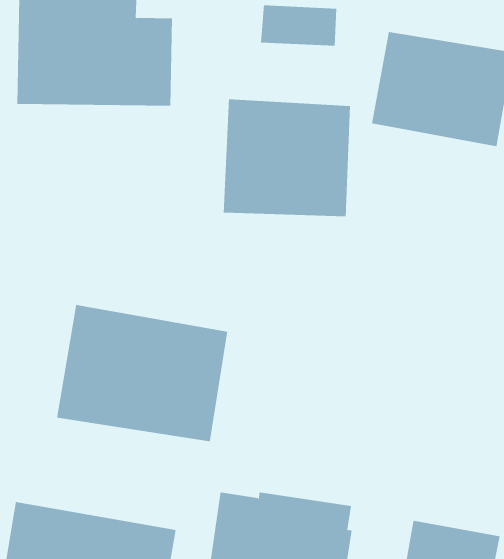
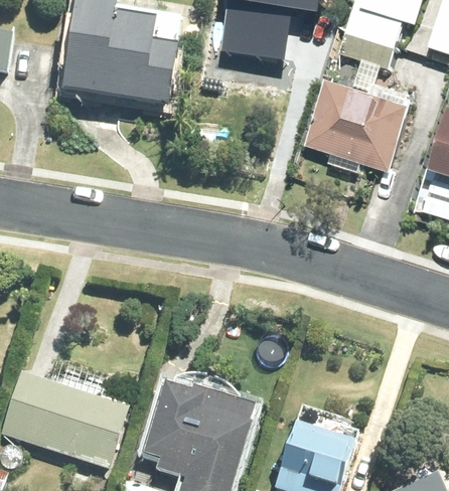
building: [223,99,351,217] -> none
building: [57,304,228,442] -> none

